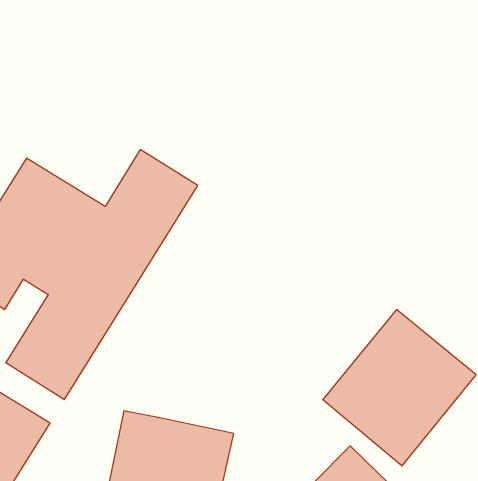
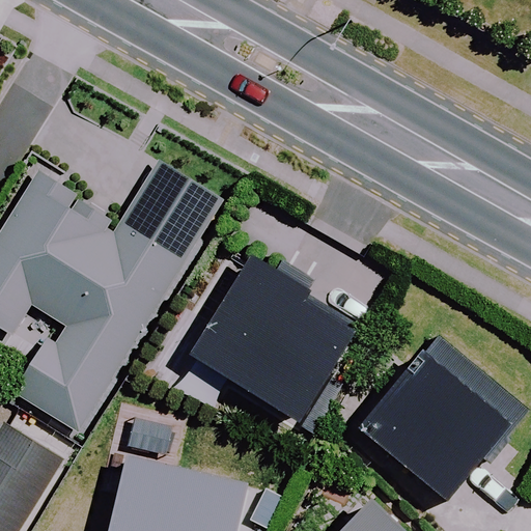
building: none -> [204,250,366,413]

